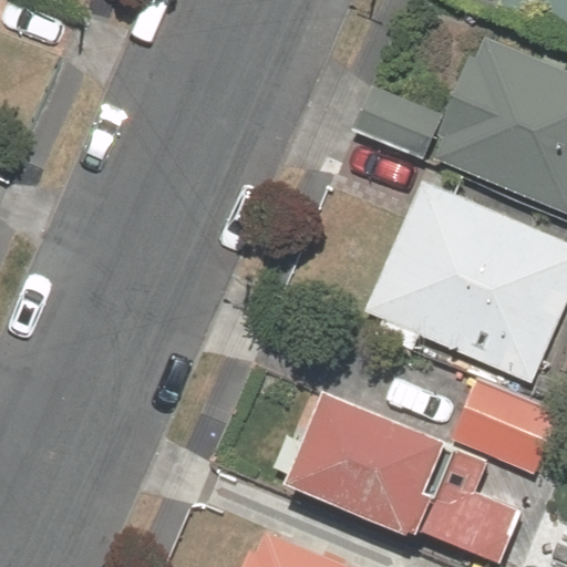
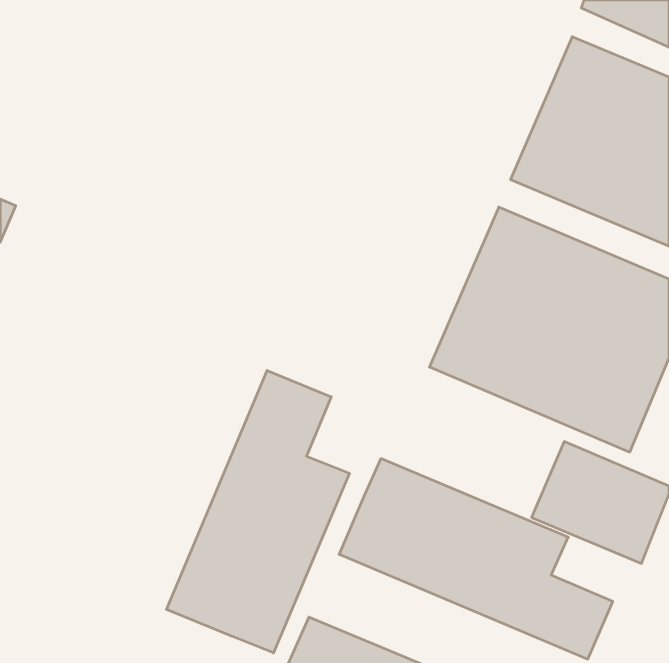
building: none -> [166,370,349,653]

